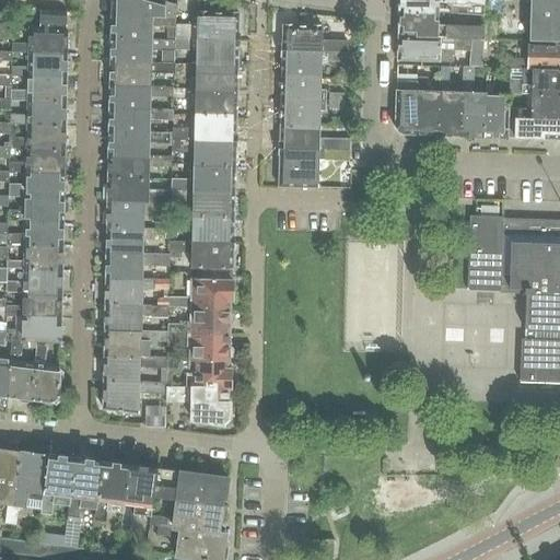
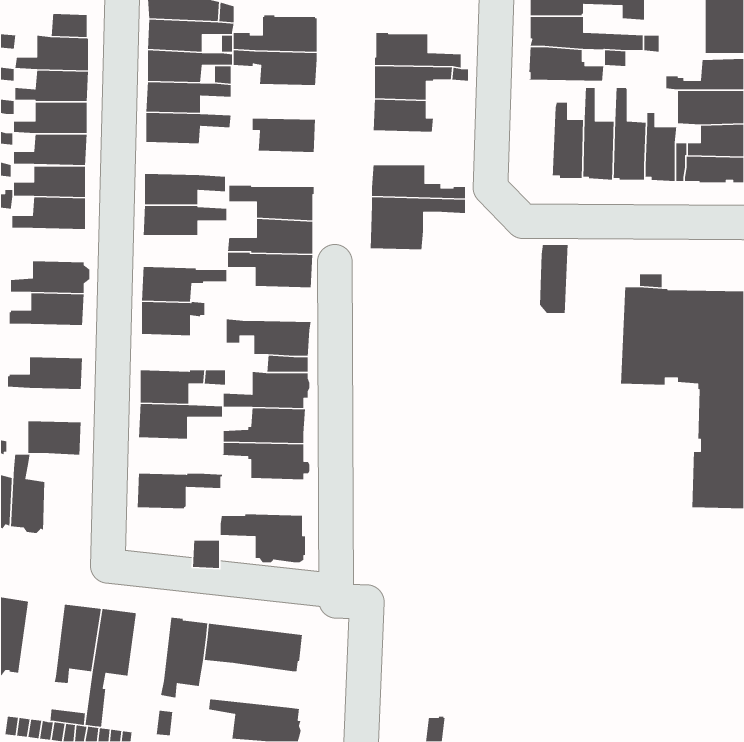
building: [189,63,237,90] -> none
building: [395,81,417,133] -> [539,244,568,314]
building: [280,98,325,124] -> none
building: [108,107,173,131] -> none
building: [172,114,236,140] -> none
building: [8,172,65,198] -> none
building: [107,177,171,201] -> none
building: [186,215,234,242] -> none
building: [7,244,62,269] -> none
building: [105,252,170,279] -> none
building: [5,292,61,317] -> none
building: [104,329,167,357] -> none
building: [33,346,62,404] -> none
building: [166,359,232,387] -> none
building: [103,381,166,412] -> none
building: [4,448,48,524] -> none
building: [94,460,128,521] -> none
building: [149,499,223,532] -> none

